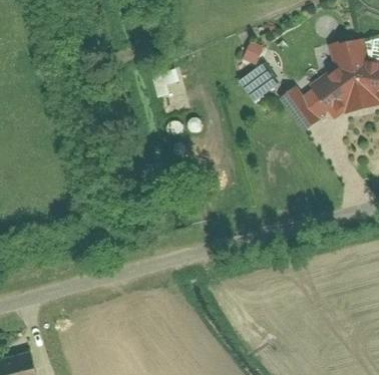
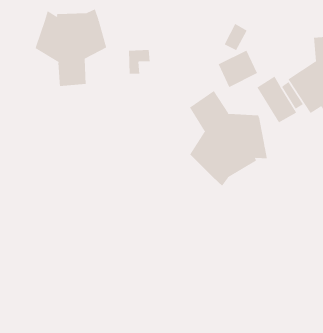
building: none -> [35,9,107,87]
building: none -> [189,90,268,187]

